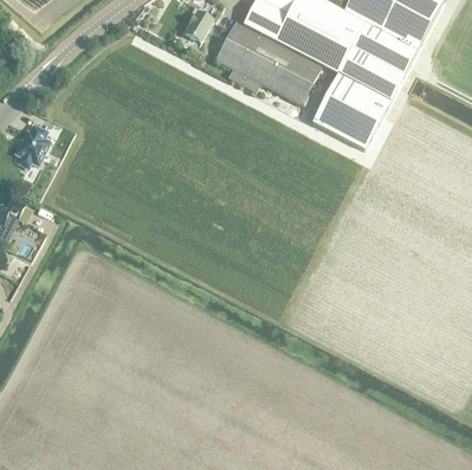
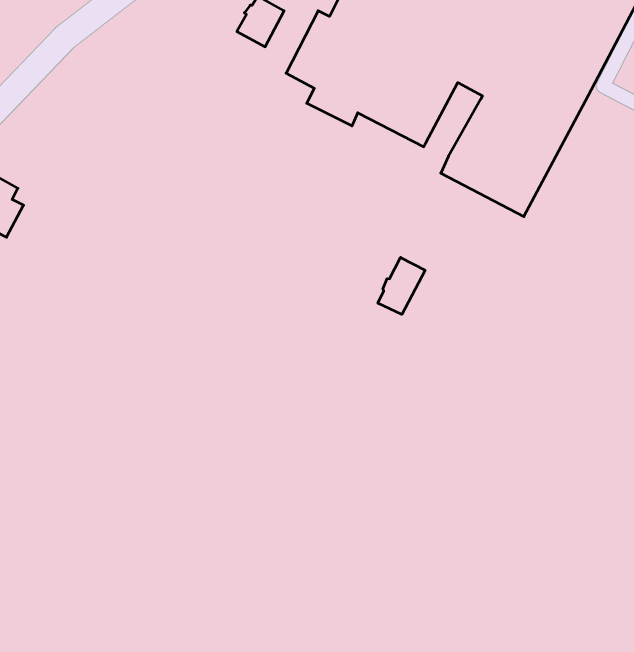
building: none -> [378,257,425,314]

